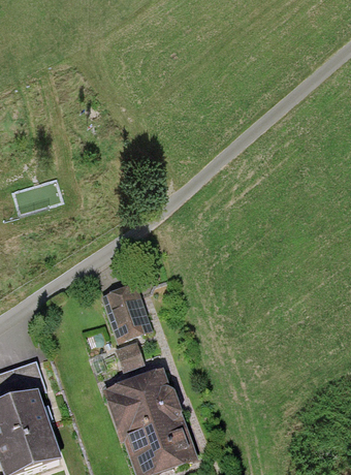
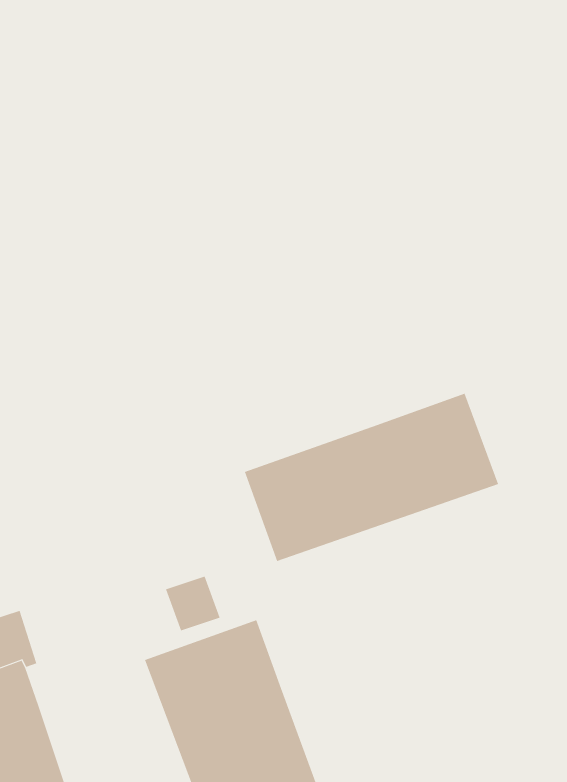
building: none -> [244,393,499,562]
building: [101,285,153,344] -> none

